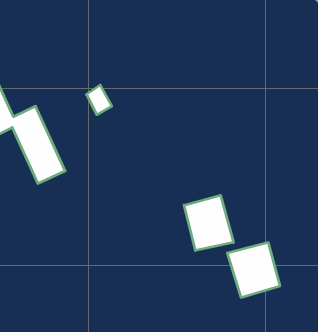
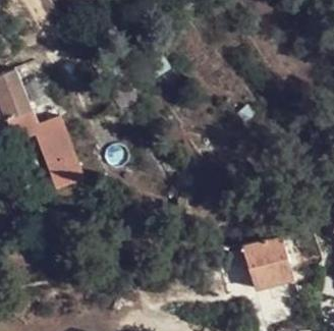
building: [184,195,233,251] -> none

